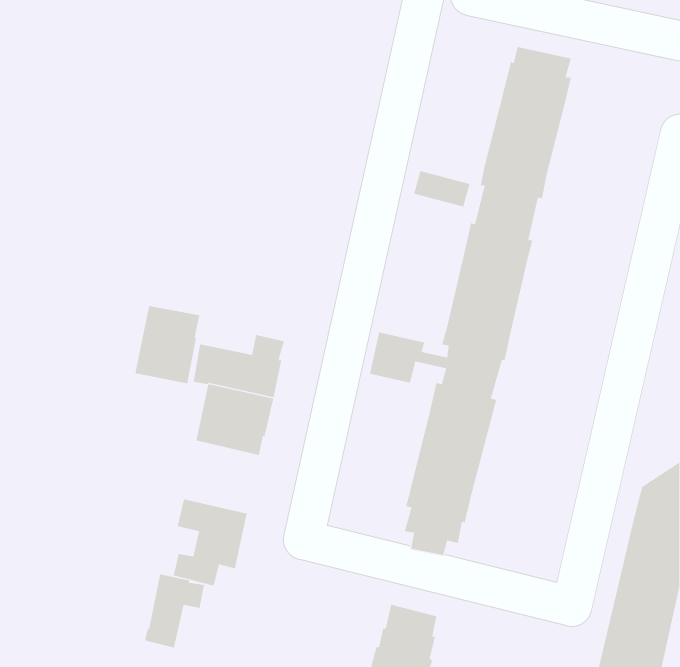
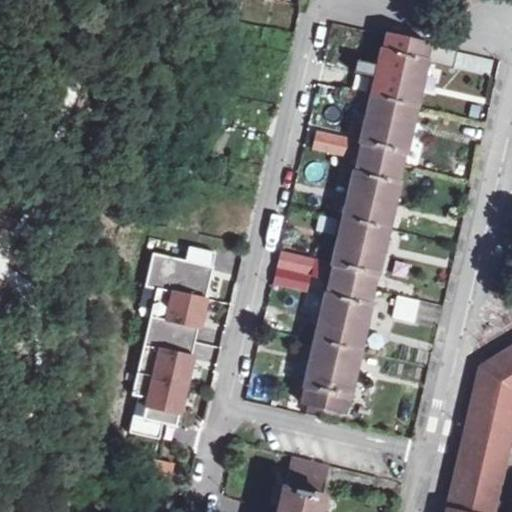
building: [135,305,200,384] -> none
building: none -> [138,332,195,386]
building: [144,574,205,649] -> none

